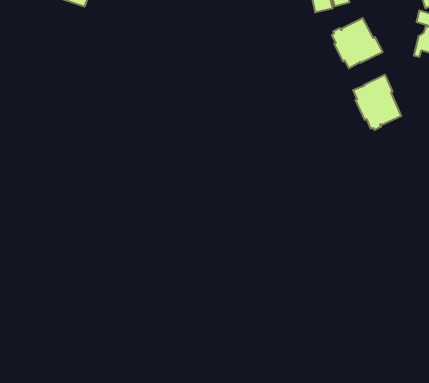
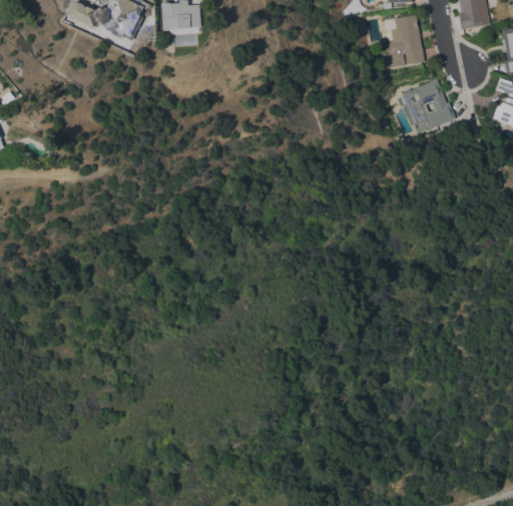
building: [353,75,401,130] -> none

